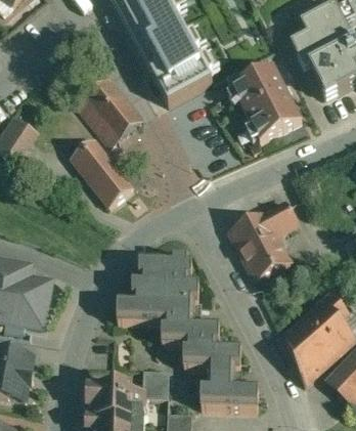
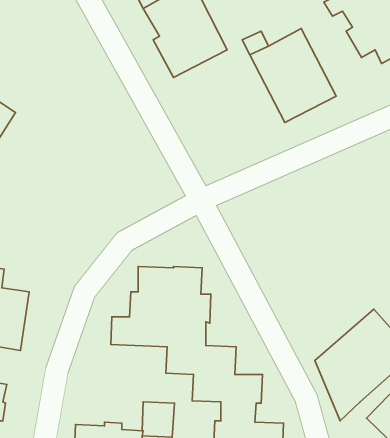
building: [78,80,140,144] -> none
building: [69,138,132,207] -> none
building: [228,202,296,281] -> none

